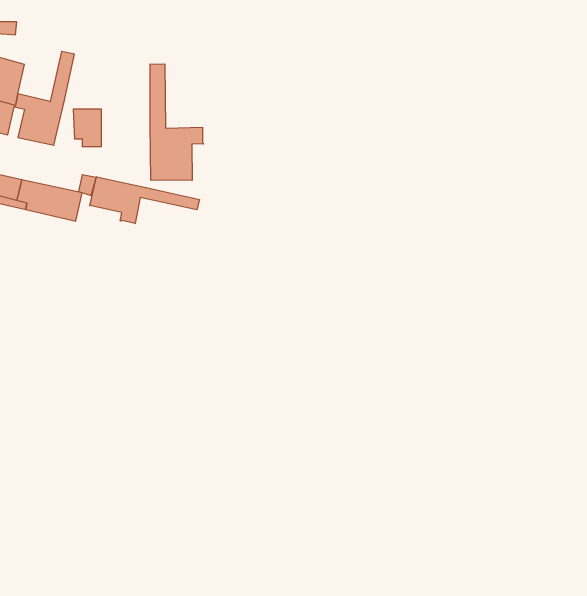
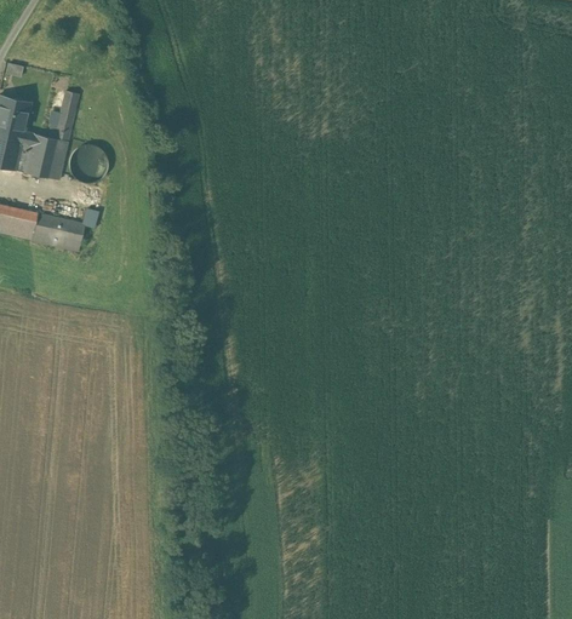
building: [150,64,204,180] -> none
building: [90,177,199,224] -> none

